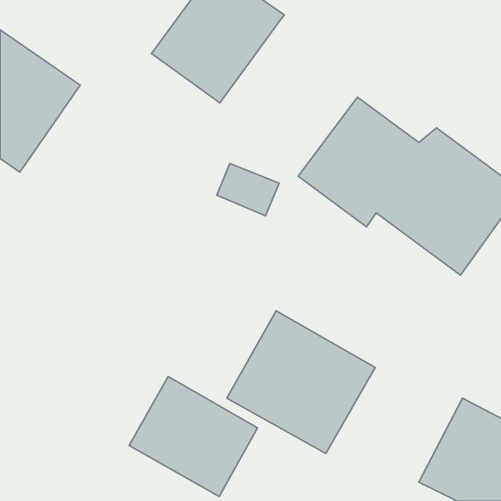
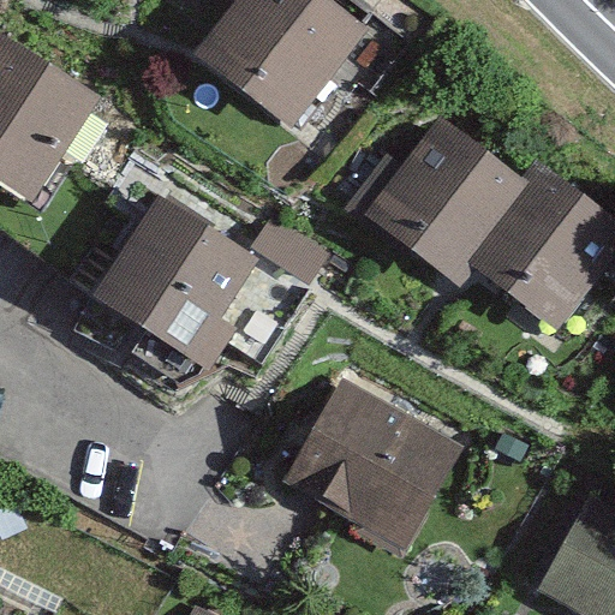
building: none -> [88,192,259,378]
building: [129,376,258,496] -> none

